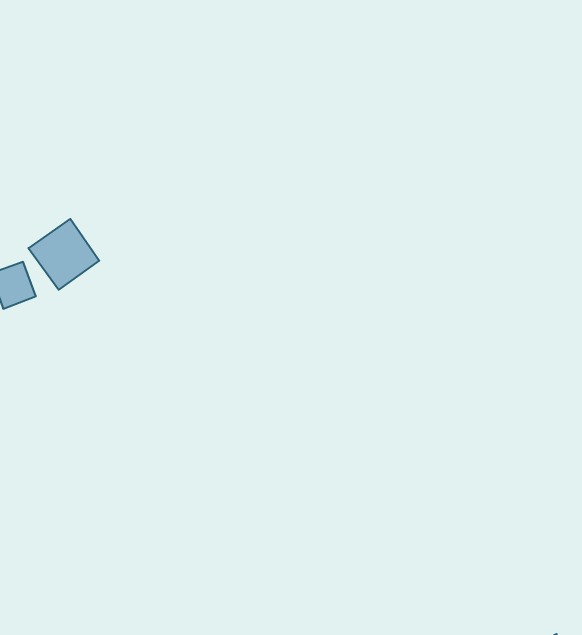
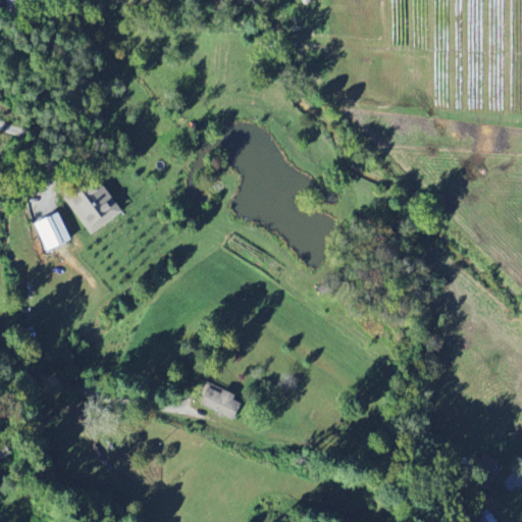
building: none -> [199,382,242,418]

